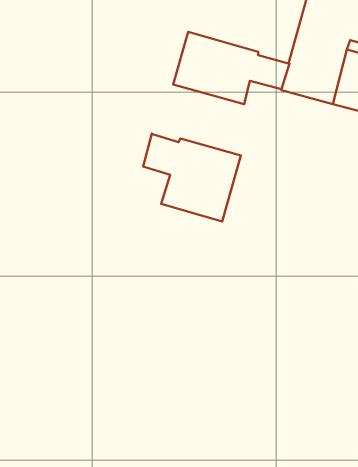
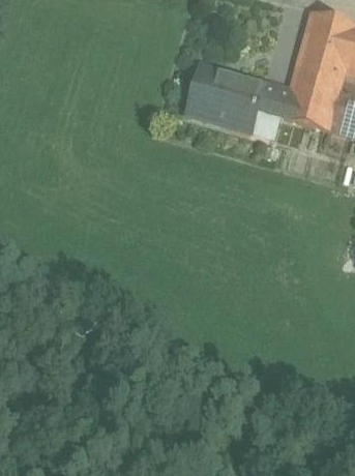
building: [143,134,241,221] -> none

